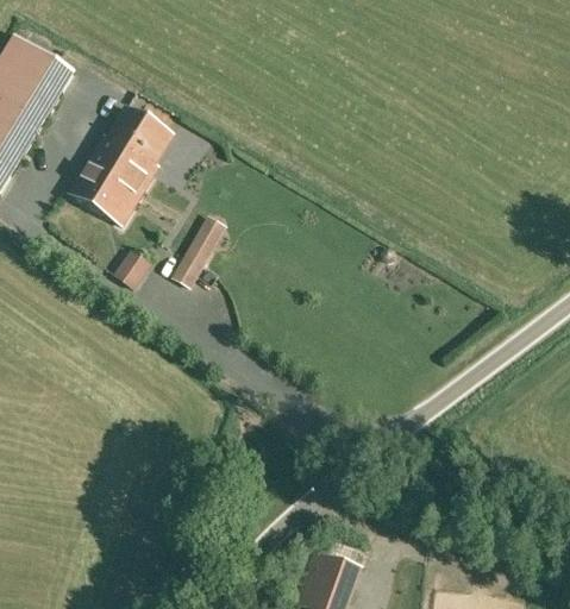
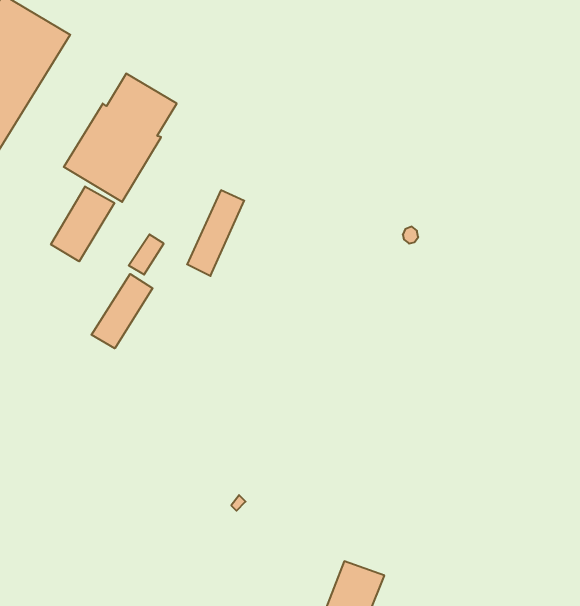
building: none -> [51,186,114,261]
building: none -> [91,274,153,348]

